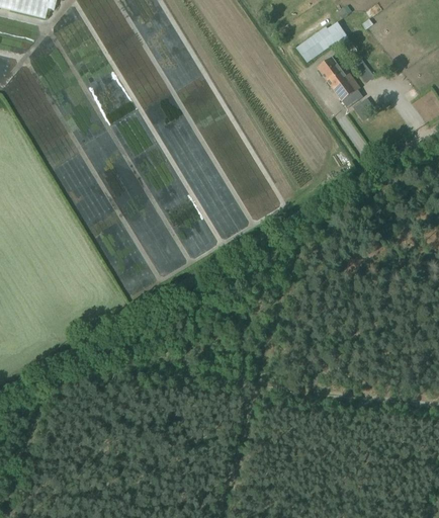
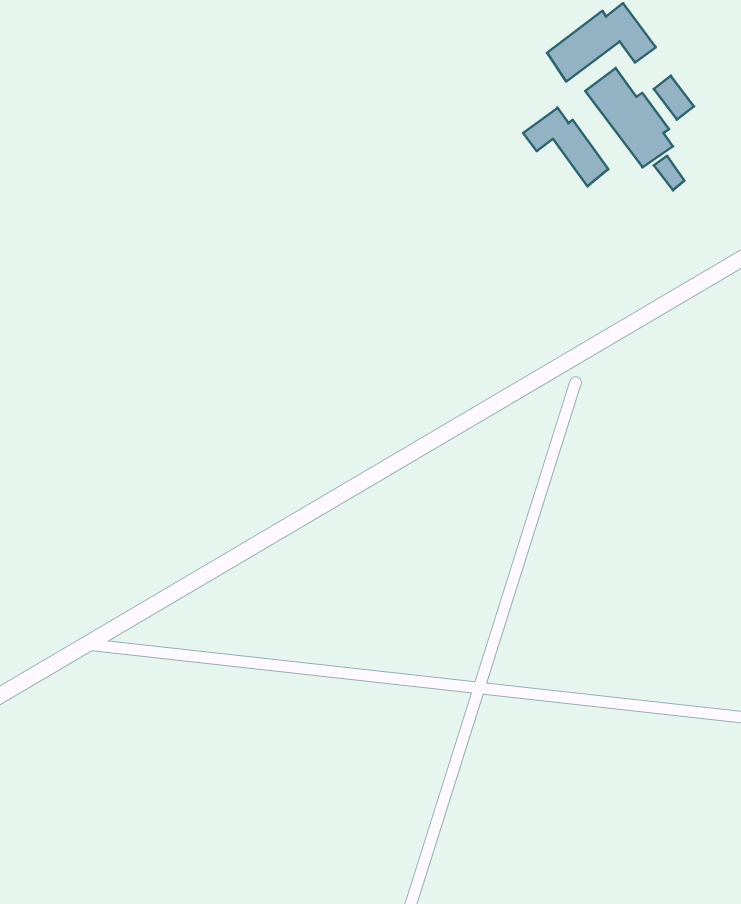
building: none -> [523,108,608,186]

